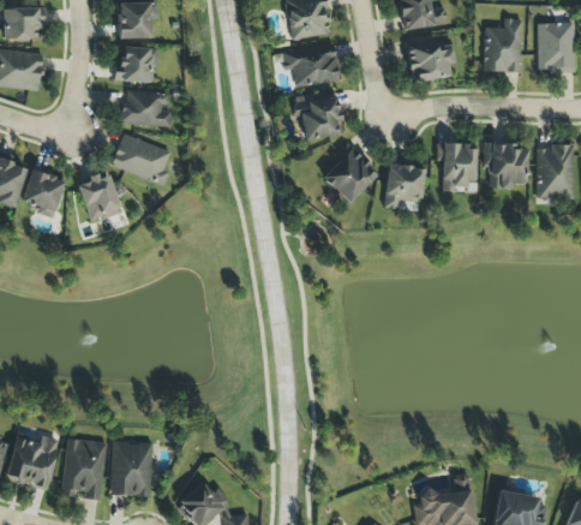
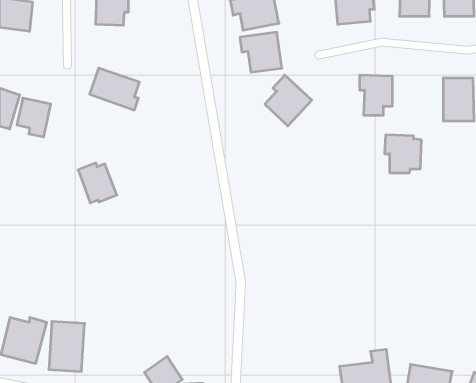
building: [124,90,172,126] -> none
building: [484,142,528,187] -> [385,135,421,173]
building: [384,163,425,208] -> none
building: [77,172,124,220] -> [78,163,117,203]
building: [110,440,152,495] -> none

